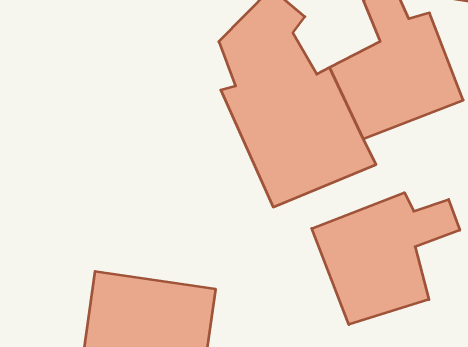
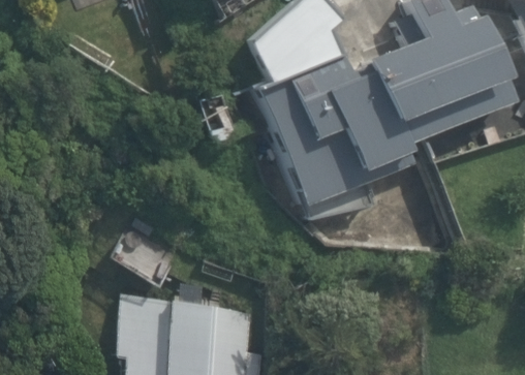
building: [312,193,460,325] -> none

